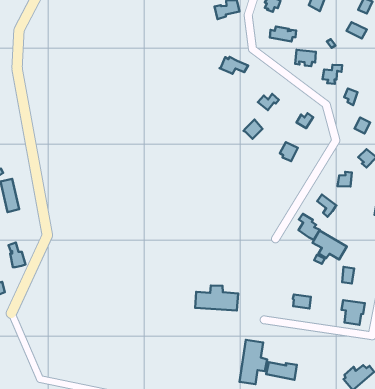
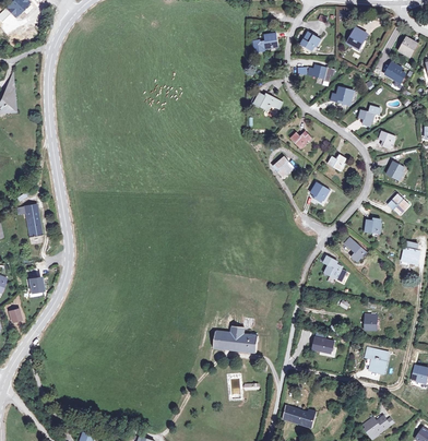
building: [313,231,347,259] -> none
building: [239,340,267,384] -> none

